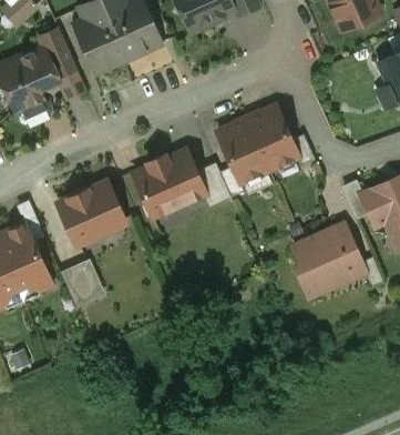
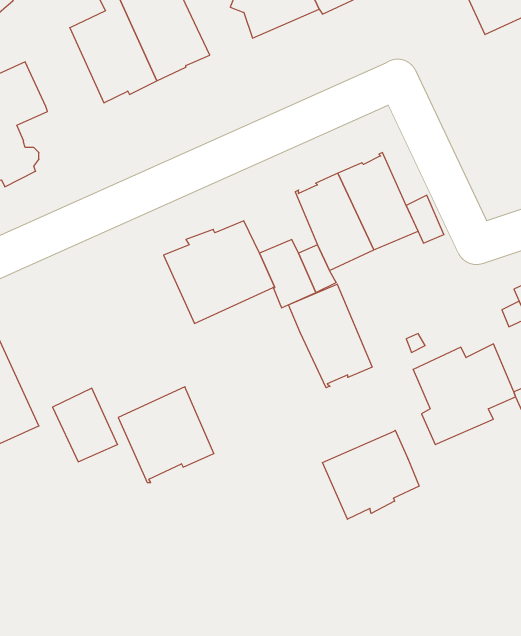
building: [43,40,75,75] -> none
building: [60,182,122,244] -> [118,387,214,482]
building: none -> [289,284,372,388]
building: none -> [322,430,419,519]

